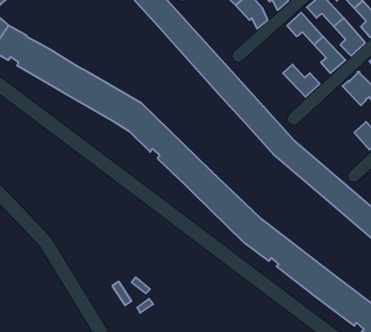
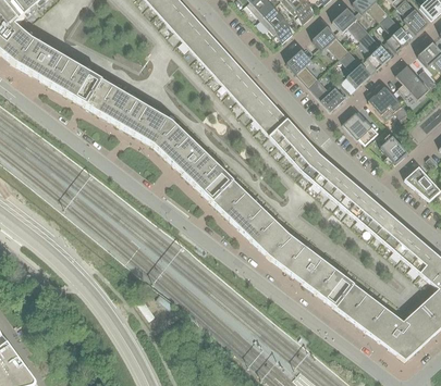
building: none -> [285,48,317,86]
building: none -> [341,110,377,144]

